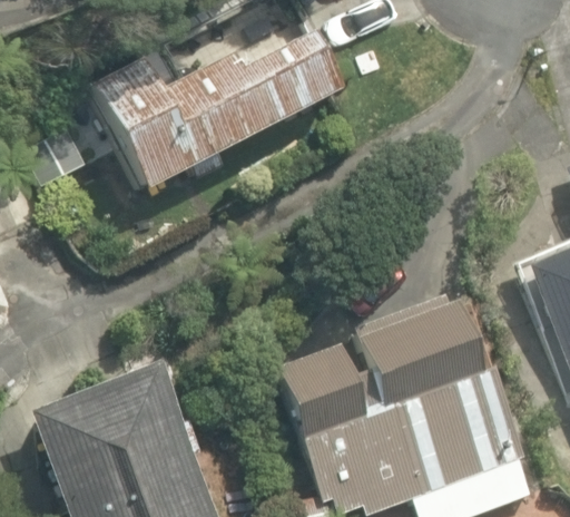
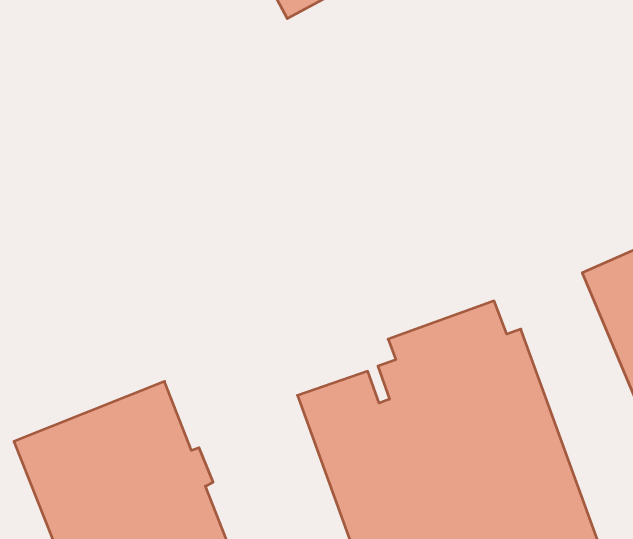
building: [87,35,337,191] -> none

